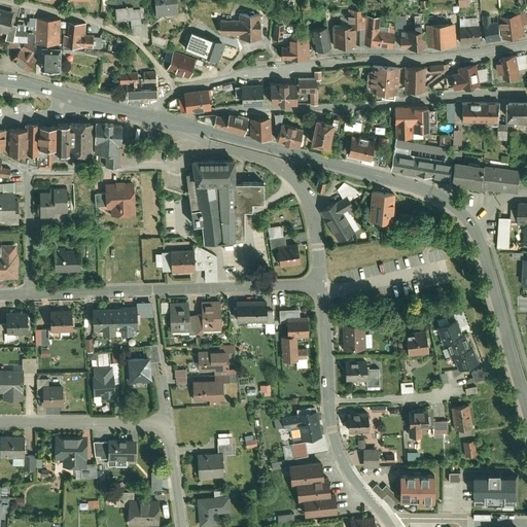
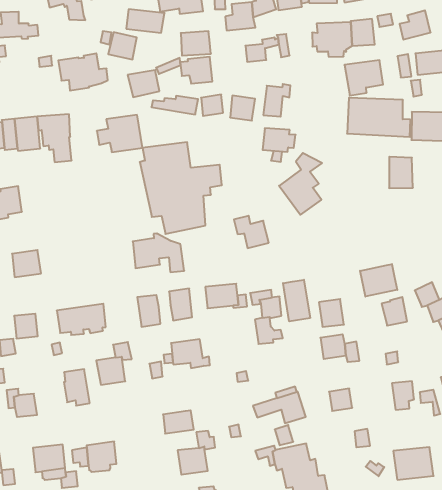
building: [271,82,298,105] -> [181,31,211,56]
building: [344,135,377,160] -> [263,128,296,152]
building: [95,183,137,216] -> [97,115,143,152]
building: [366,191,391,223] -> [389,157,413,188]
building: none -> [360,264,397,297]
building: none -> [283,280,310,321]
building: [194,384,221,403] -> [163,410,194,434]

